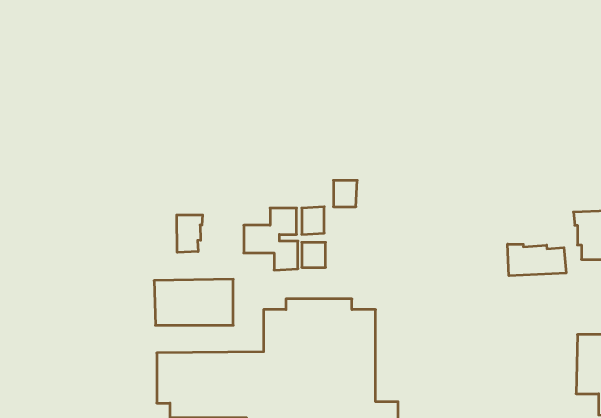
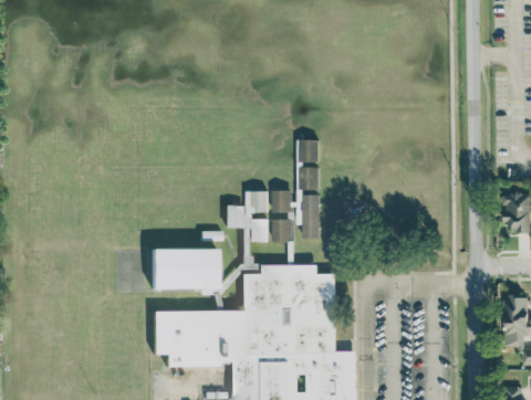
building: none -> [298,139,320,161]
building: none -> [303,193,320,238]
building: [177,215,203,252] -> none
building: [508,244,566,276] -> none

